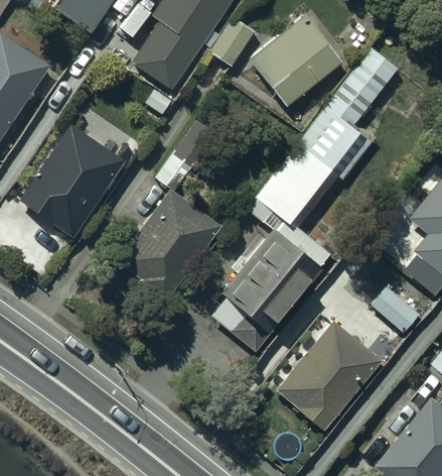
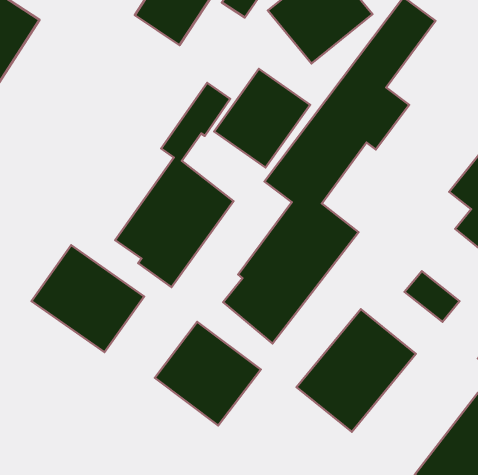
building: none -> [214,69,310,167]
building: [20,124,125,237] -> none
building: none -> [31,245,144,352]
building: none -> [155,322,261,426]

